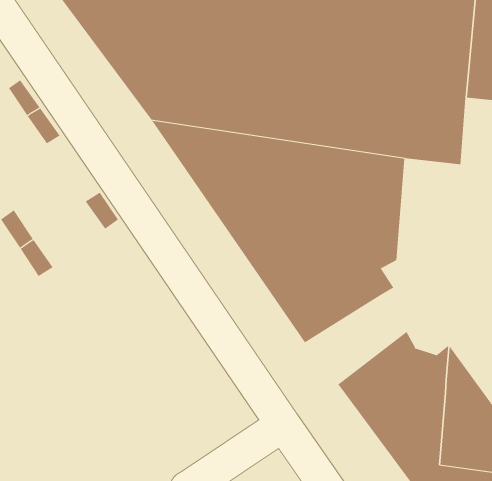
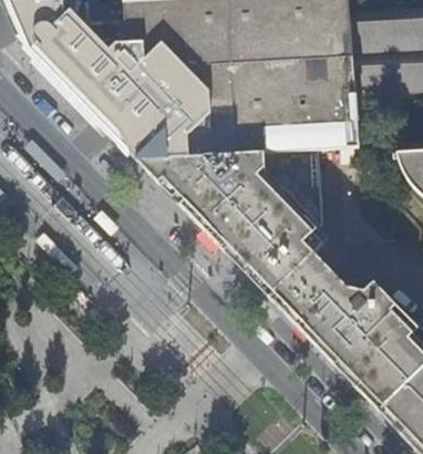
building: none -> [267,248,339,317]

